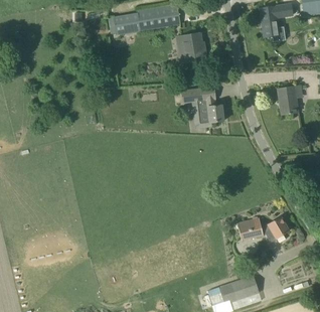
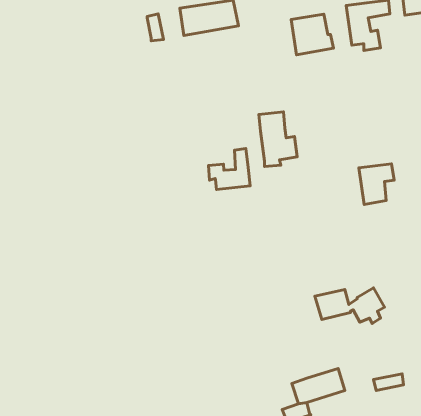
building: [175,32,206,62] -> [291,14,333,55]
building: [277,85,303,115] -> [359,164,394,205]
building: none -> [208,148,250,189]

